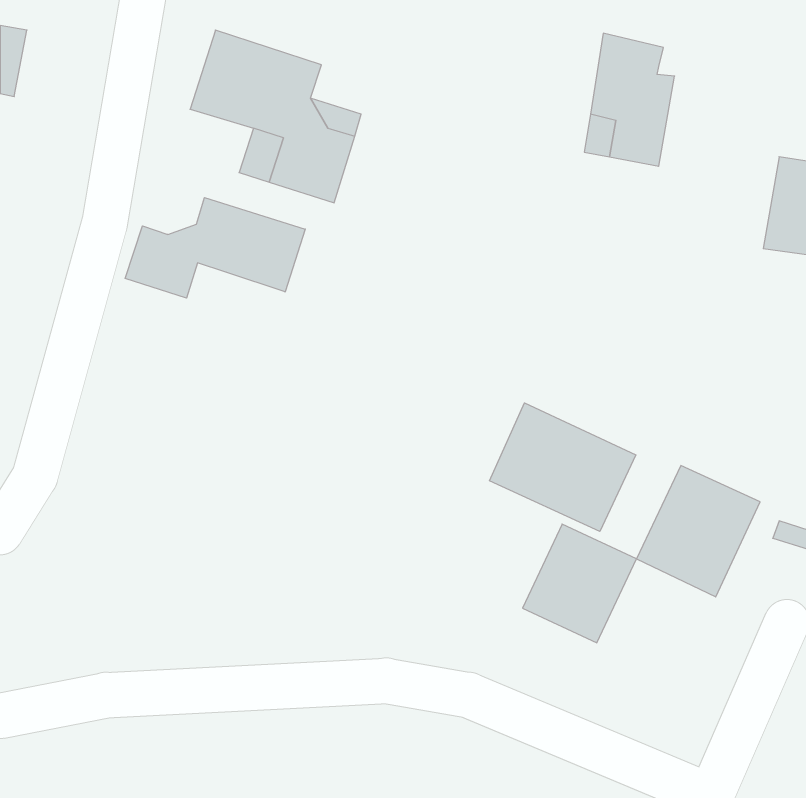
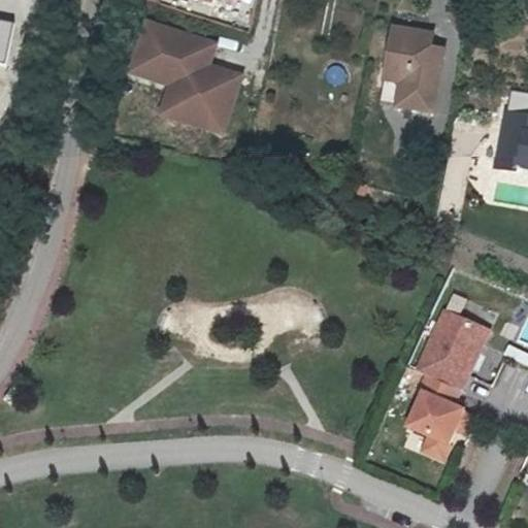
building: [125,198,305,298] -> none
building: [489,403,636,531] -> none
building: [523,524,637,643] -> [401,382,475,459]

